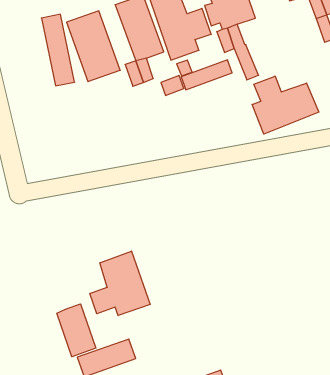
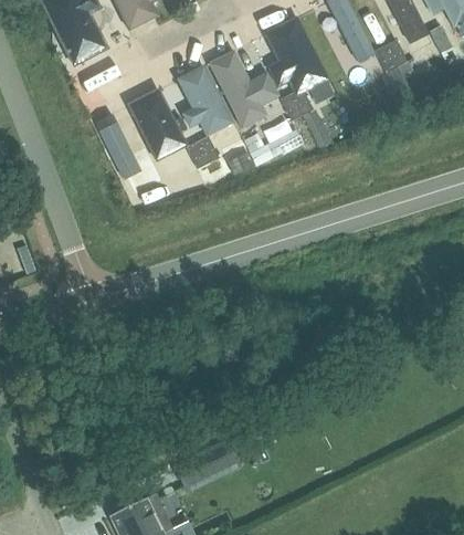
building: [252,76,319,134] -> none
building: [90,251,150,316] -> none
building: [57,304,96,357] -> none

